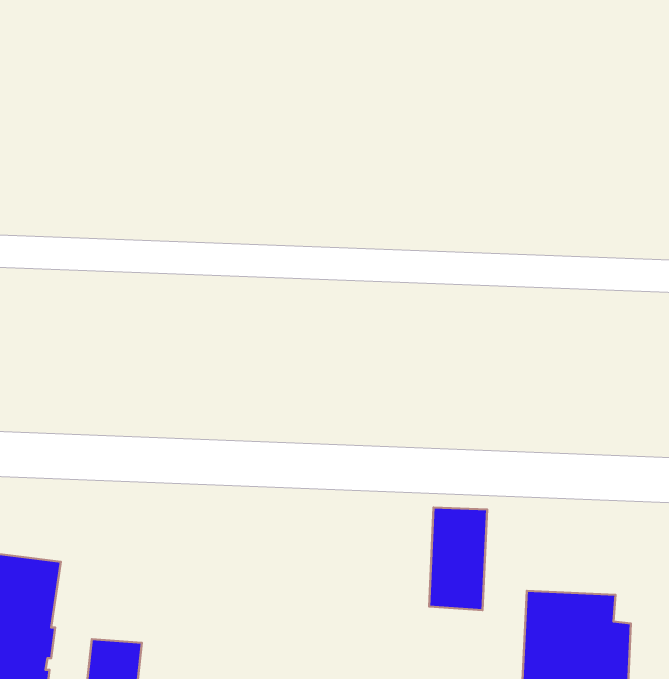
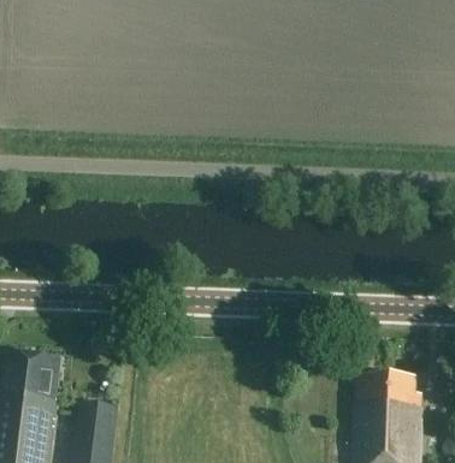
building: [429,507,487,610] -> none

